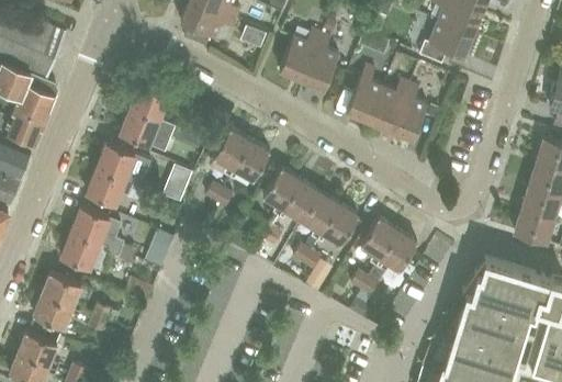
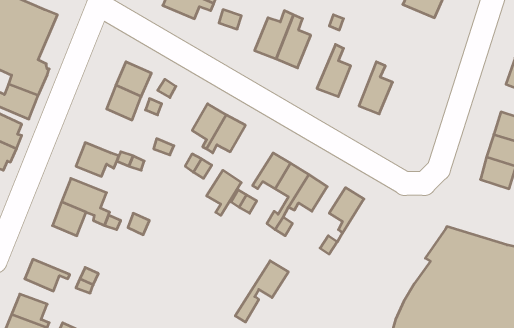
building: [418,21,472,64] -> none
building: [369,79,409,130] -> none
building: [97,144,135,180] -> none
building: [261,167,299,215] -> [207,170,241,215]
building: [514,209,552,243] -> none
building: [359,229,416,295] -> [235,261,288,322]
building: [41,272,82,311] -> none

